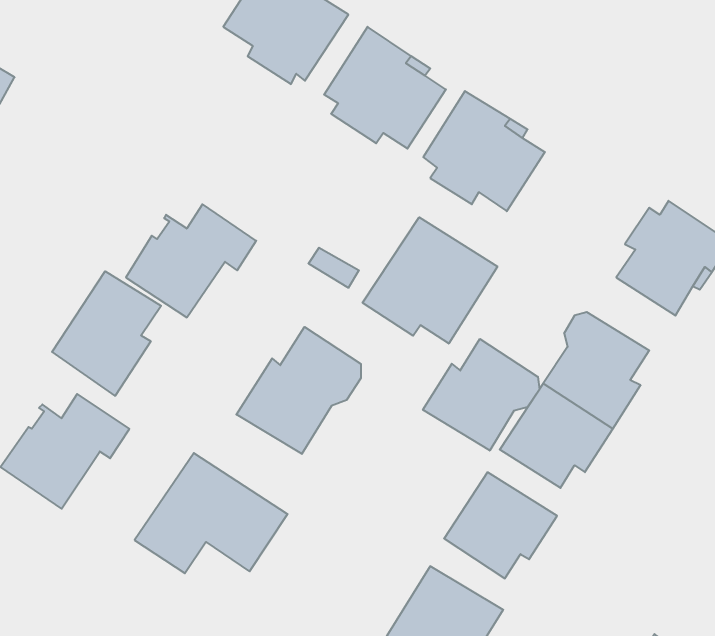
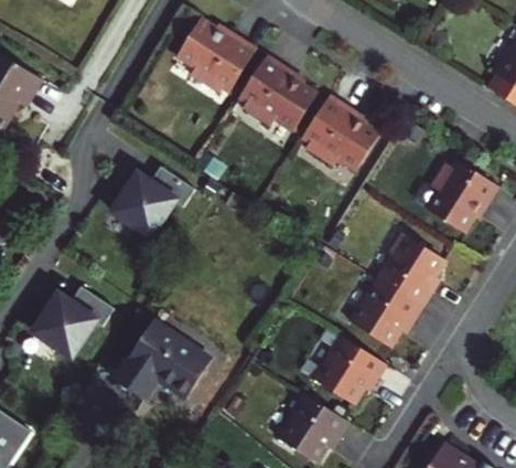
building: [363,217,497,344] -> none
building: [52,271,161,396] -> none
building: [236,327,361,454] -> none
building: [423,339,539,451] -> none

